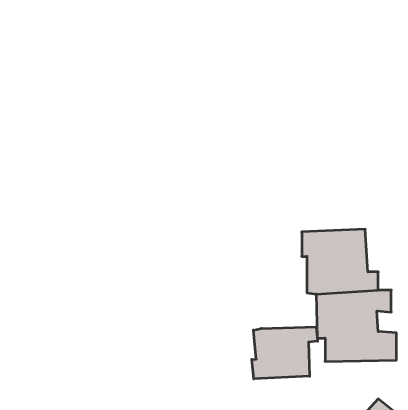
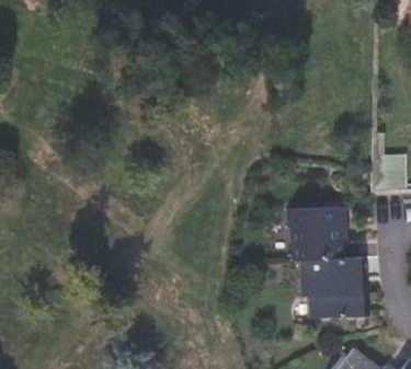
building: [252,327,318,379] -> none

